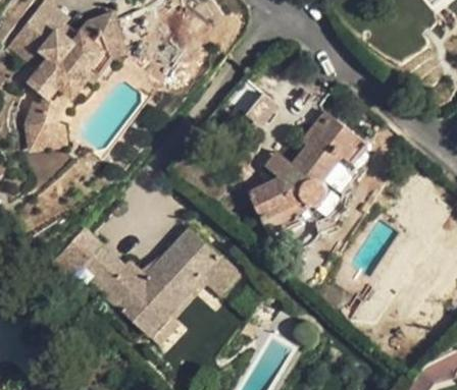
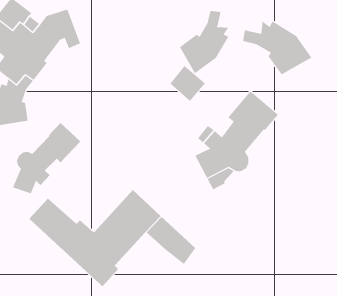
building: none -> [179,10,229,74]
building: none -> [243,21,312,75]
building: none -> [12,122,81,194]

